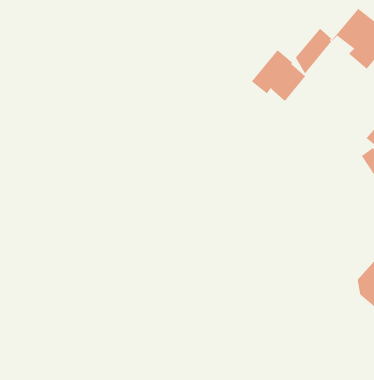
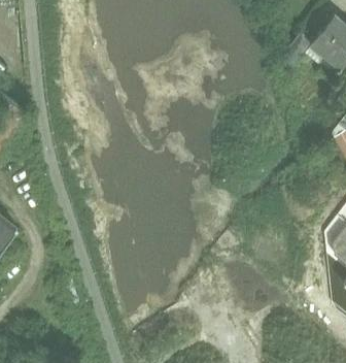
building: [251,49,306,107] -> none

